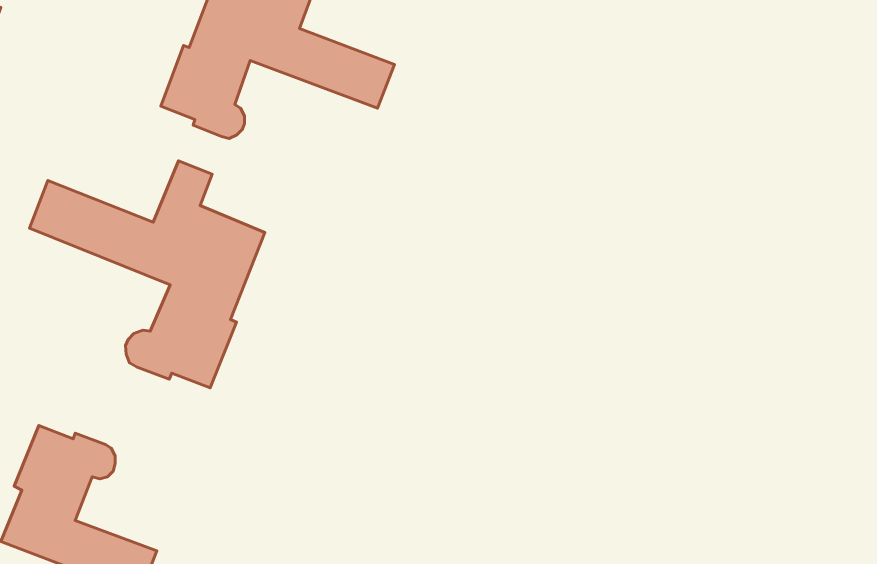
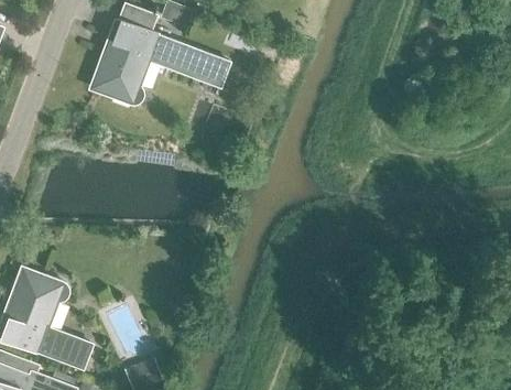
building: [29,161,265,388] -> none

